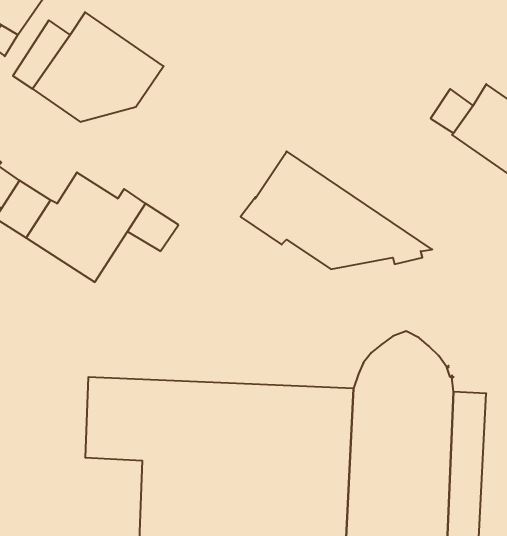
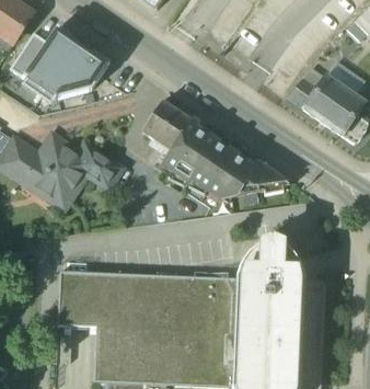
building: none -> [142,102,192,151]

